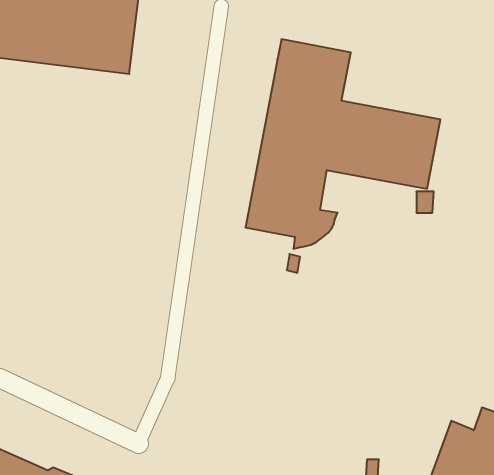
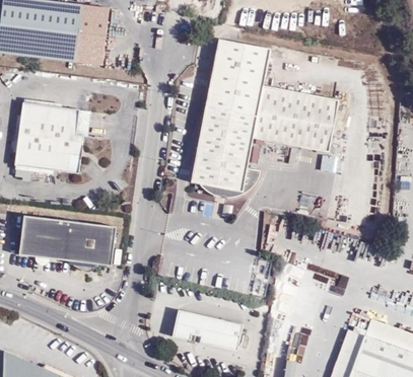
building: none -> [14,98,90,180]
building: none -> [18,215,114,270]
building: none -> [171,309,243,351]

